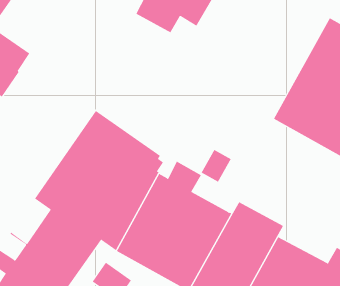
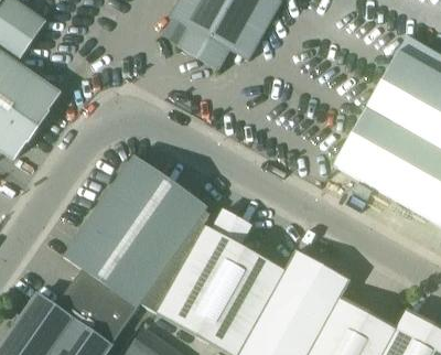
building: [201,149,231,182] -> none

